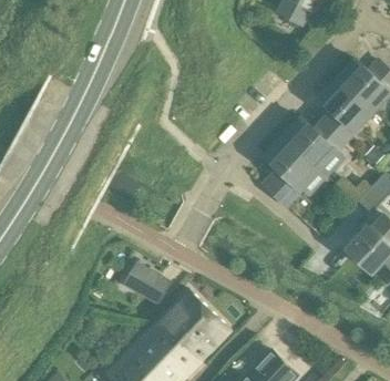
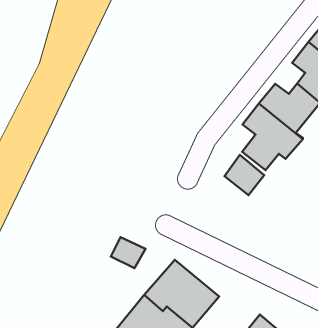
building: none -> [225,155,264,195]

